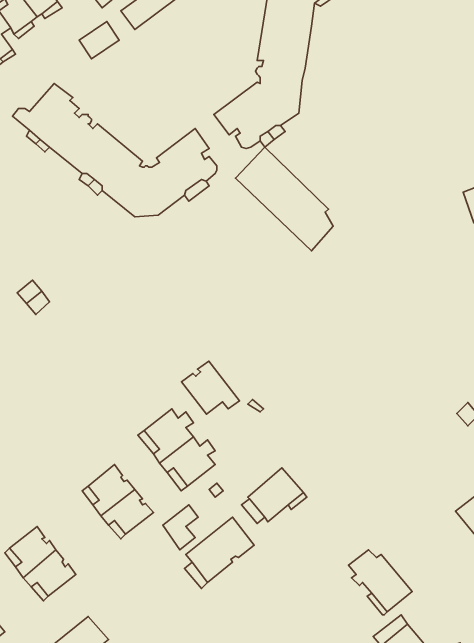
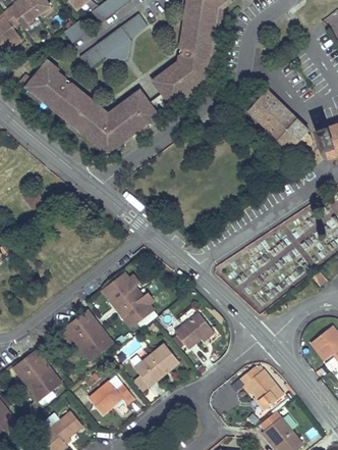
building: none -> [79,13,147,68]
building: [235,147,333,251] -> [247,89,312,157]
building: [181,361,240,414] -> none
building: none -> [89,381,134,414]

